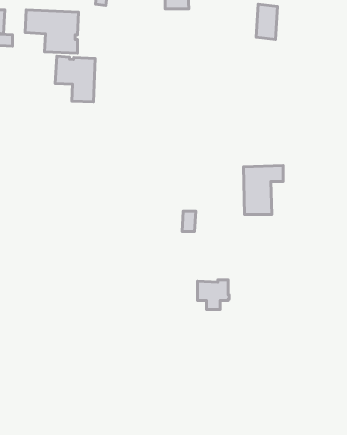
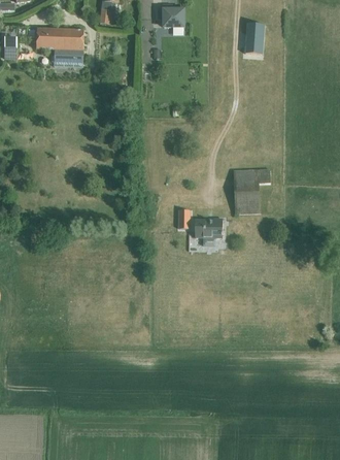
building: [55,56,95,102] -> none
building: [197,280,229,309] -> [195,218,224,244]

